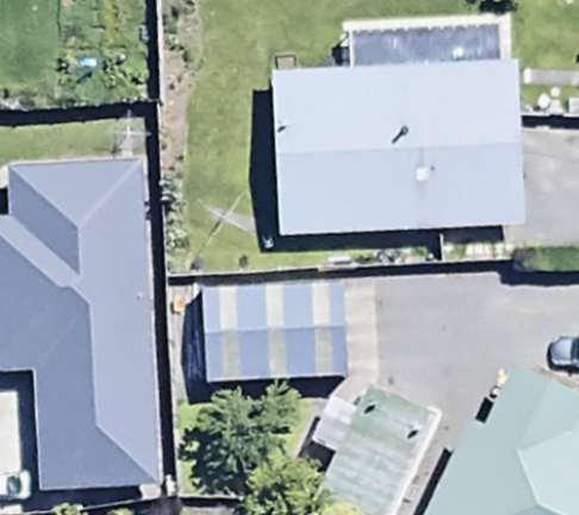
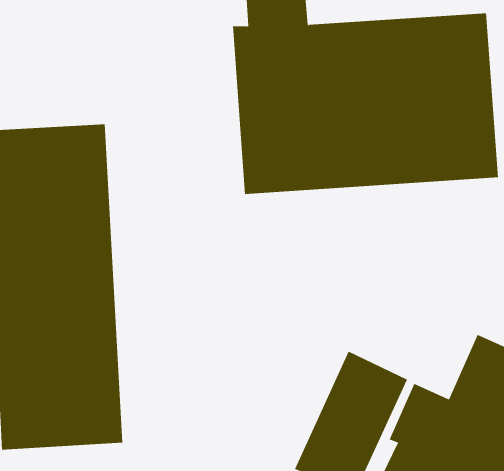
building: [200,275,376,386] -> none

